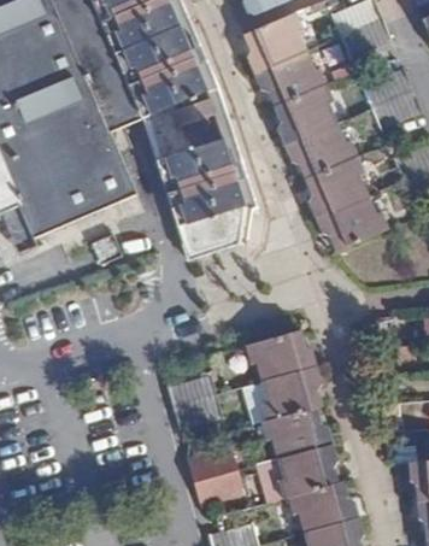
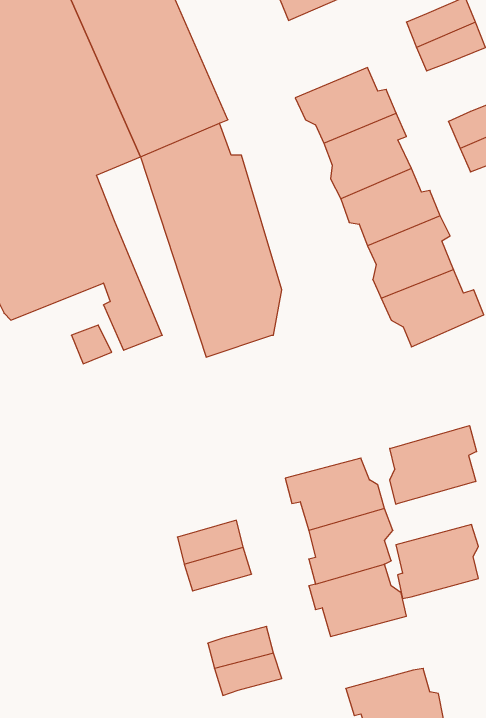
building: [242,11,304,71] -> none
building: none -> [390,426,477,504]
building: [277,442,336,495] -> [396,525,478,599]

